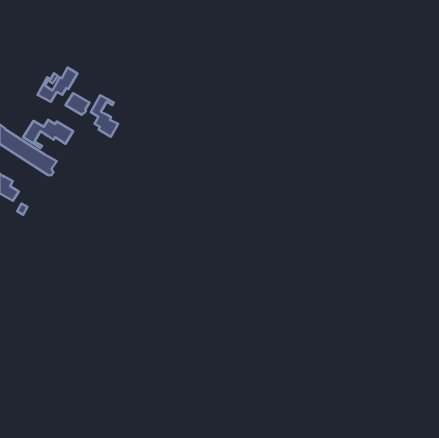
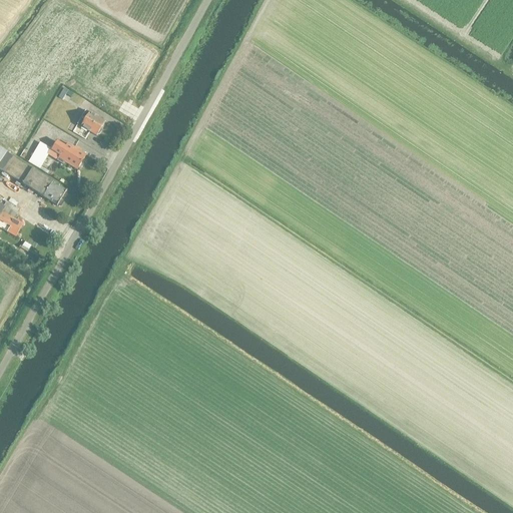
building: [38,68,78,102] -> none
building: [91,95,118,137] -> none

